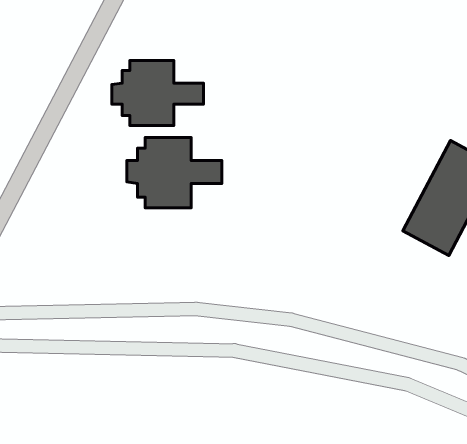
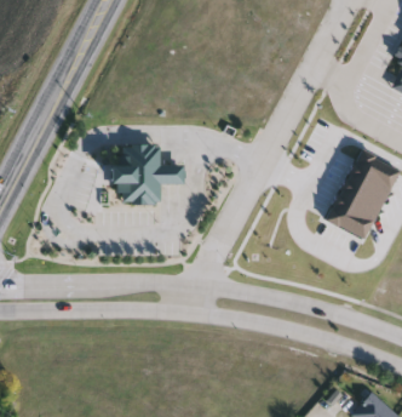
building: [112,61,203,125] -> none

